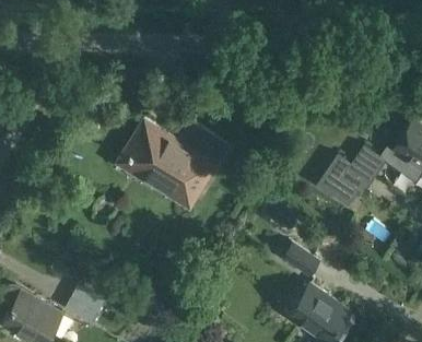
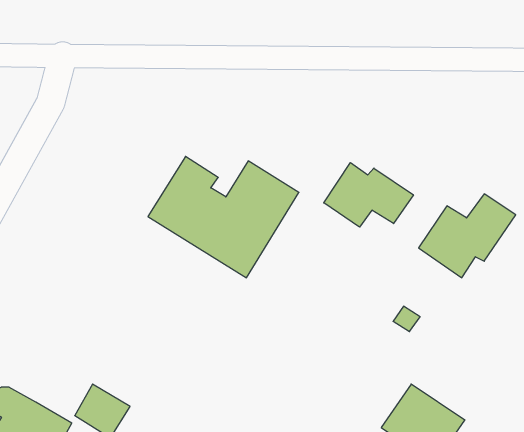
building: none -> [324,163,413,227]
building: [282,243,320,279] -> none

